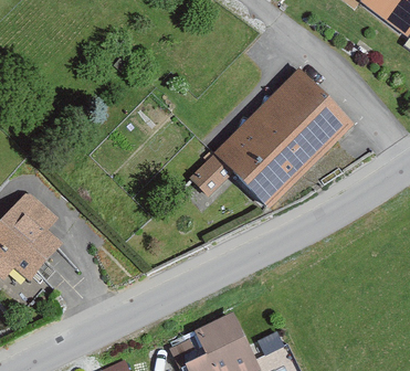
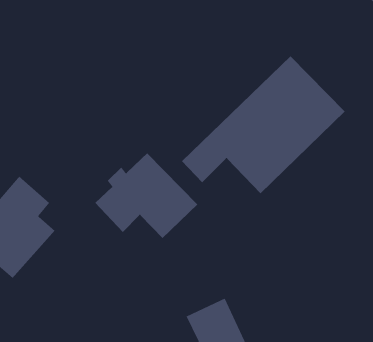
building: none -> [95,153,198,239]

